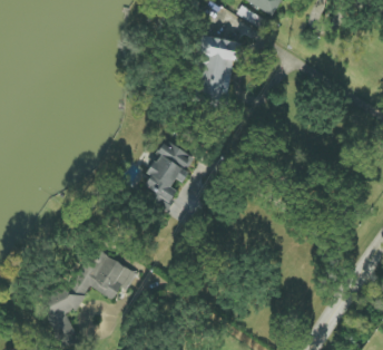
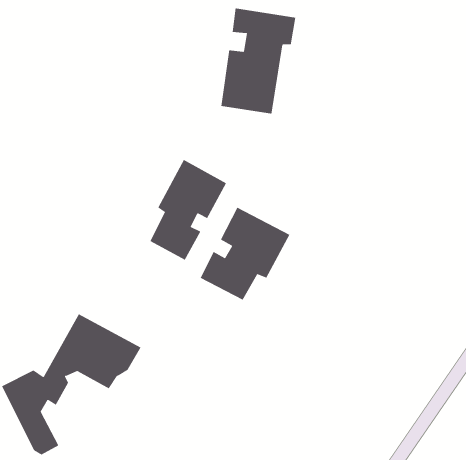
building: none -> [200,207,290,301]

